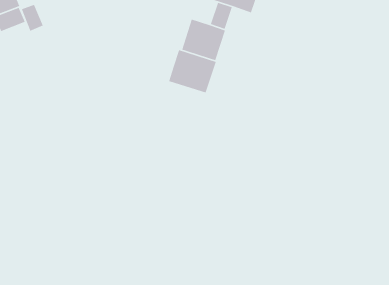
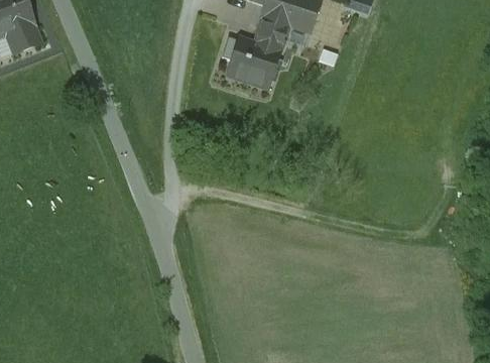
building: [21,4,44,32] -> none
building: [168,49,217,94] -> none

